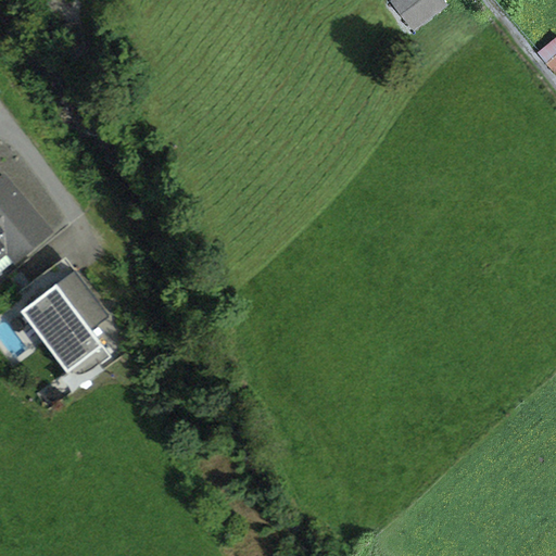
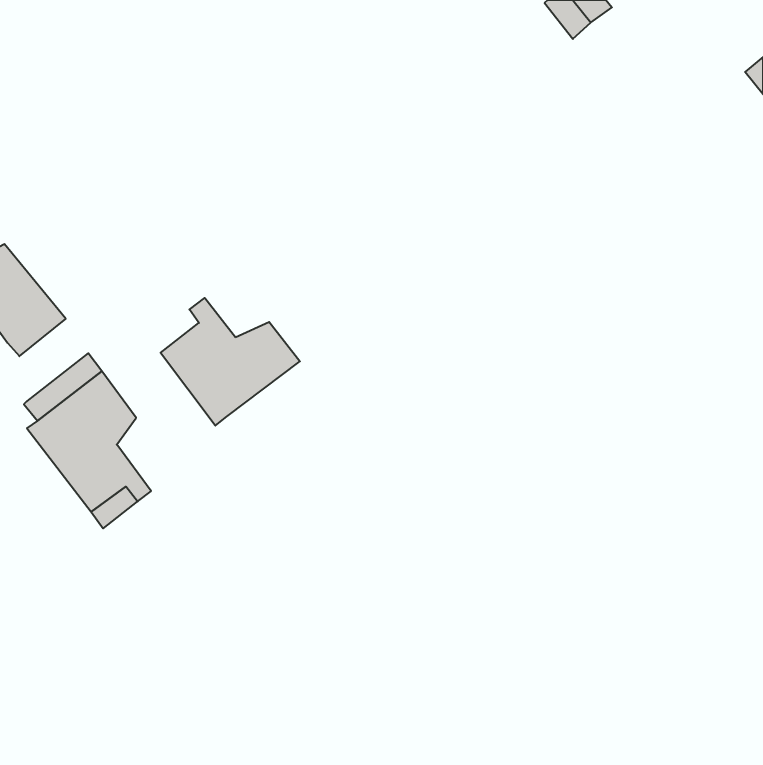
building: none -> [161,298,300,426]

